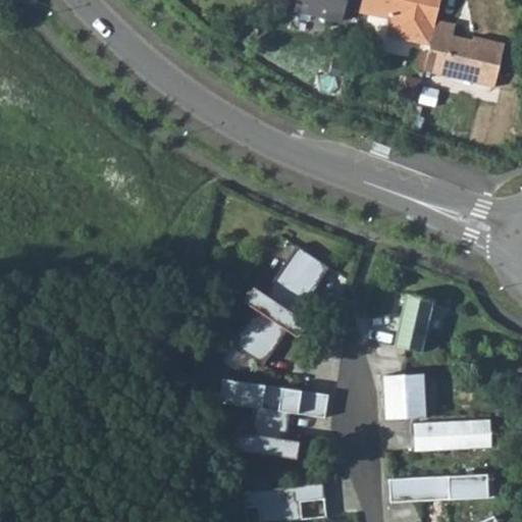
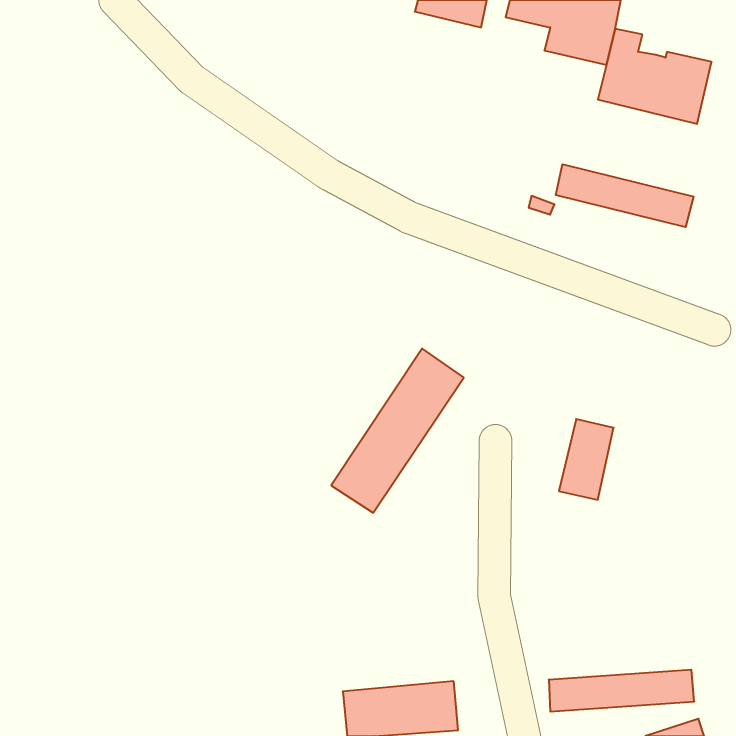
building: none -> [556,164,694,227]
building: [382,374,424,422] -> none
building: [218,377,327,456] -> none
building: [411,419,507,453] -> none

